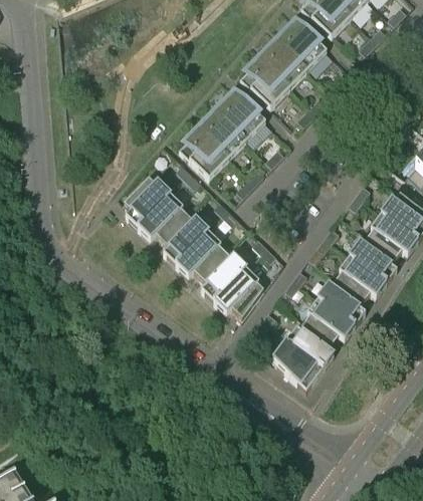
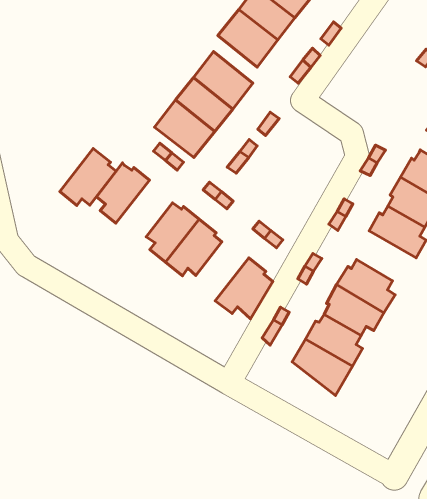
building: [138,192,187,239] -> [60,149,116,205]
building: [200,250,246,299] -> none
building: [337,254,387,298] -> none

